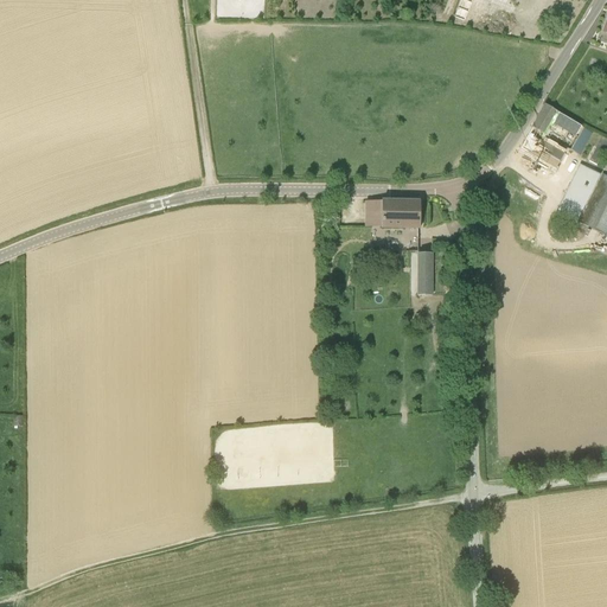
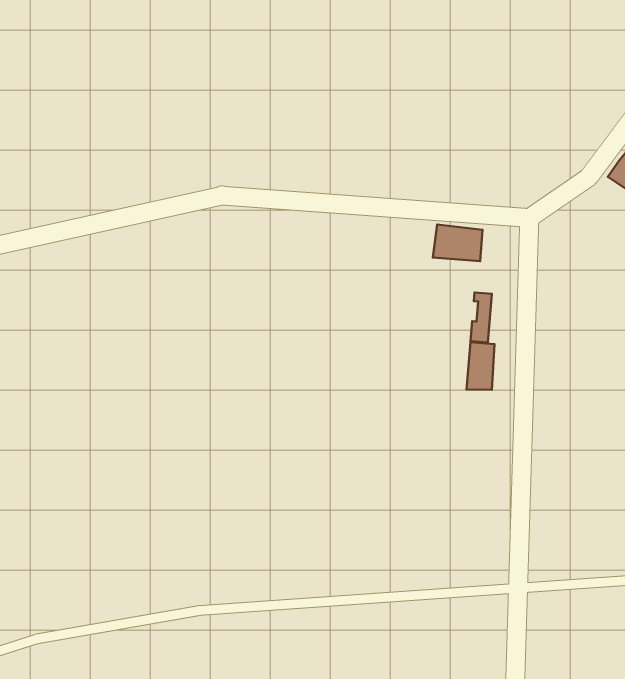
building: none -> [466,342,494,390]

